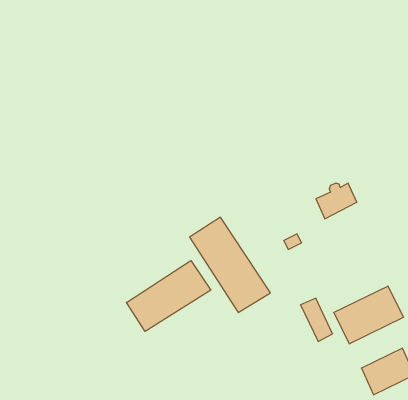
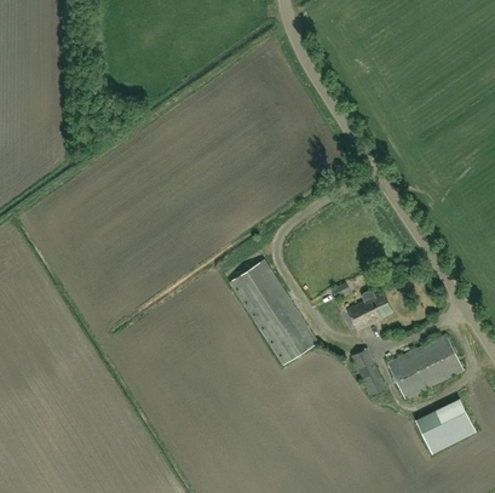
building: [316,183,357,219] -> [347,290,392,328]
building: [126,261,211,331] -> none

